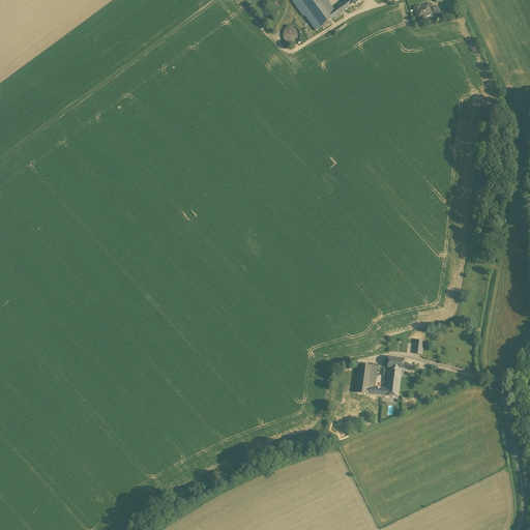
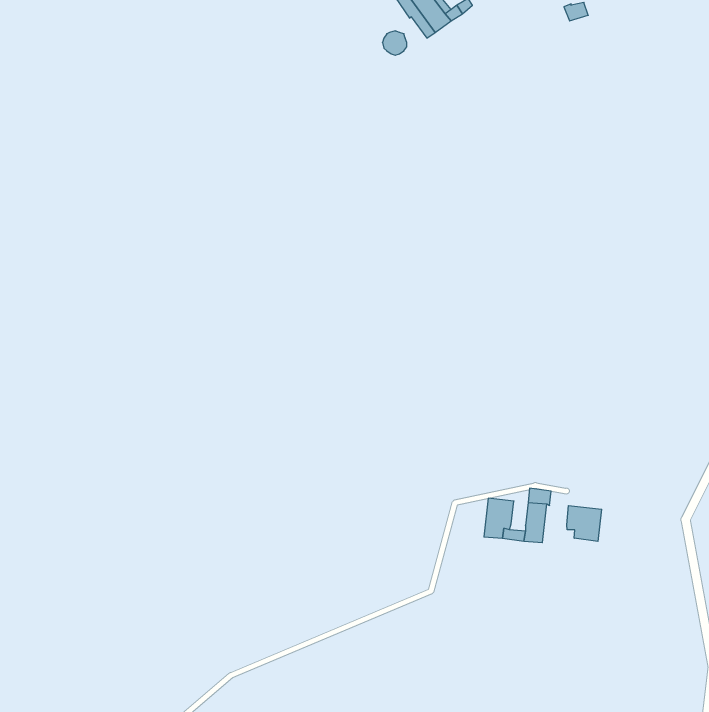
building: none -> [567,506,602,541]

